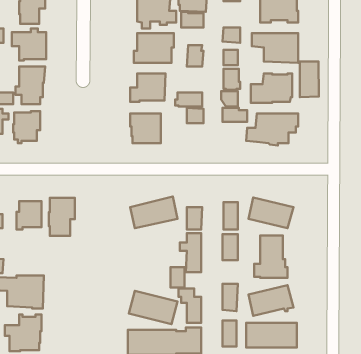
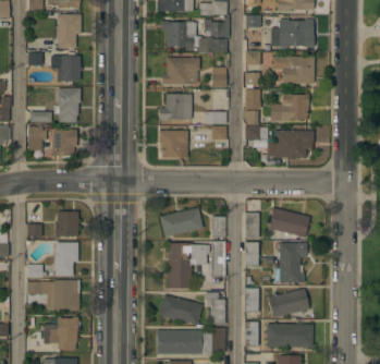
building: [300,61,319,97] -> none
building: [49,198,75,236] -> [53,242,77,277]
building: none -> [168,243,192,289]

